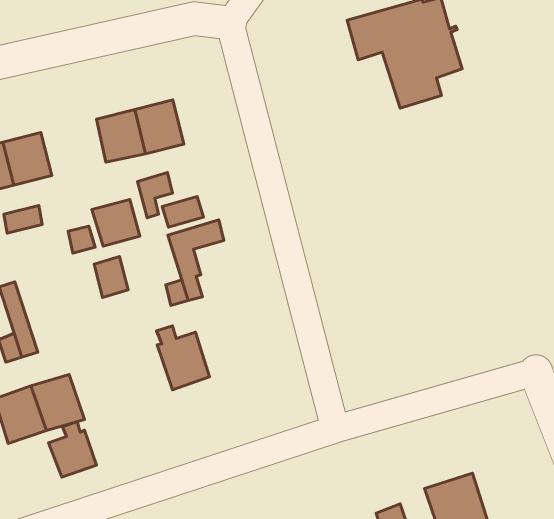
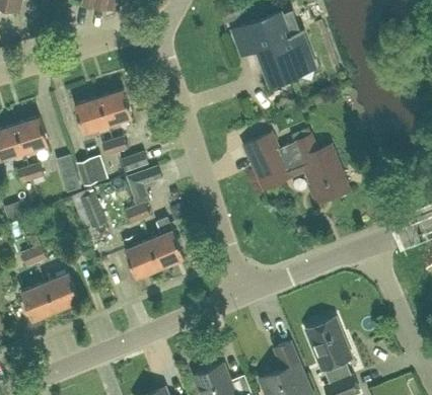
building: none -> [245,133,348,204]
building: none -> [149,217,185,267]
building: [48,422,97,477] -> none

